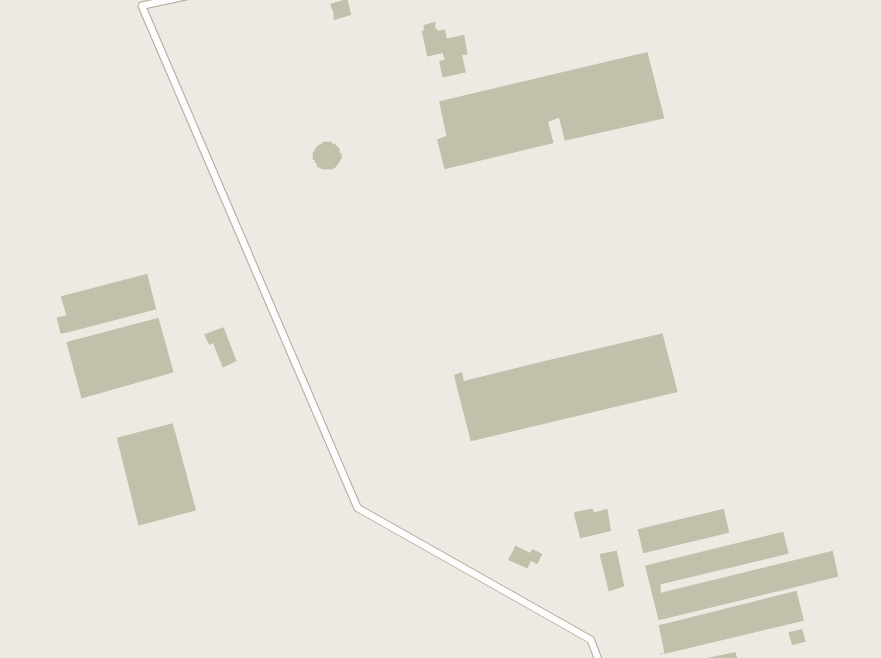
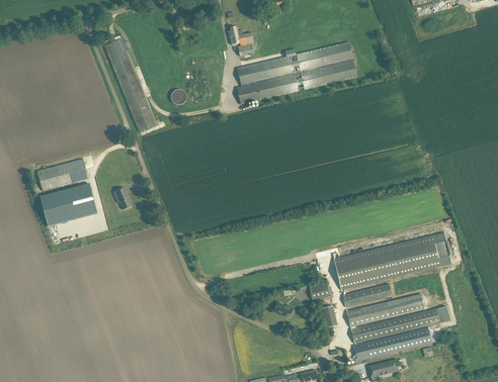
building: none -> [103,34,155,130]
building: [453,333,678,442] -> [332,230,451,288]
building: [116,423,197,526] -> none

